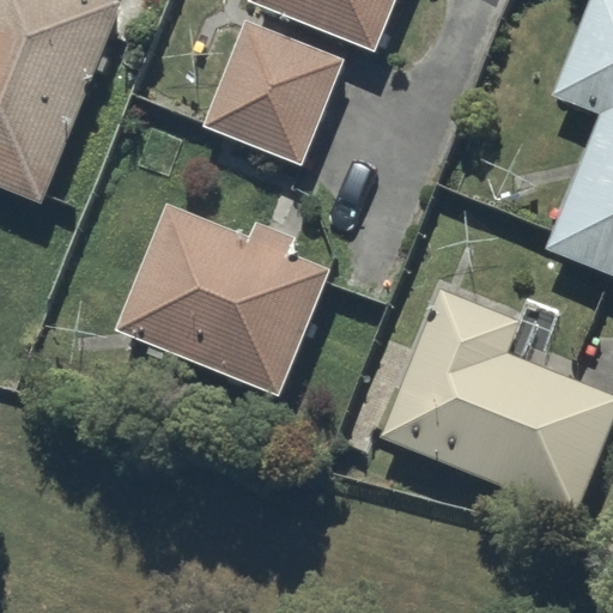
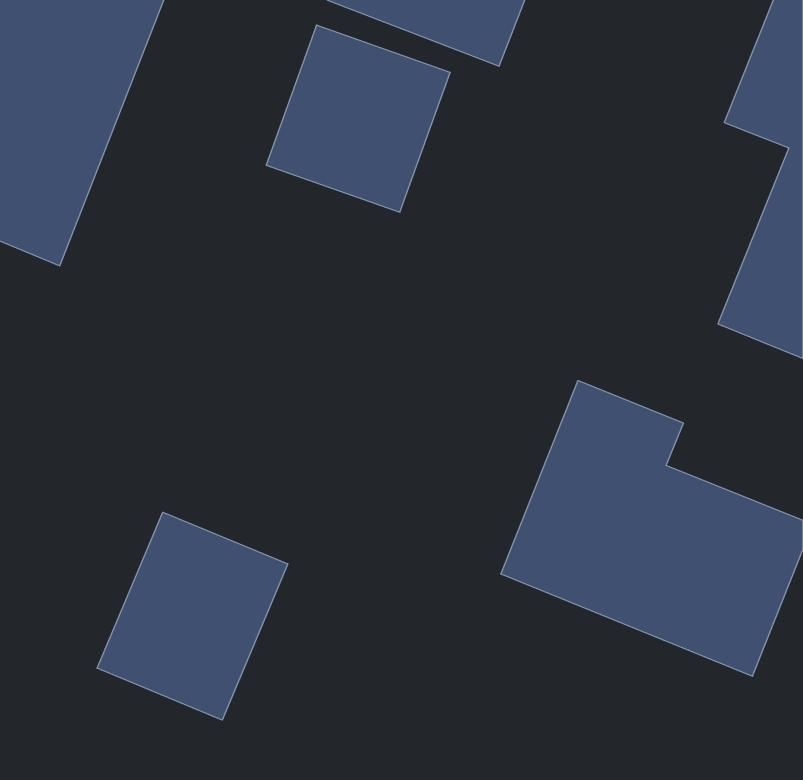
building: [120,206,333,399] -> none
building: none -> [97,512,288,720]

